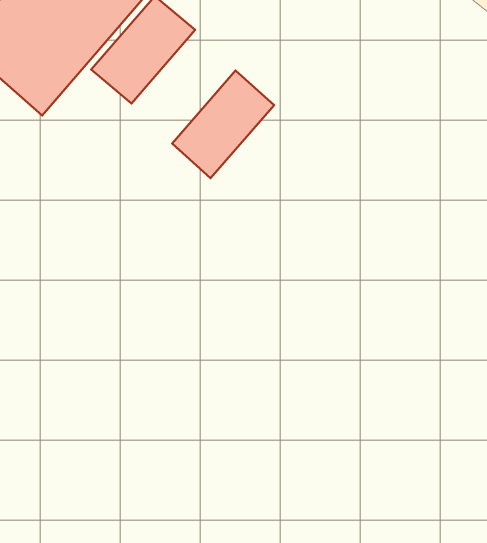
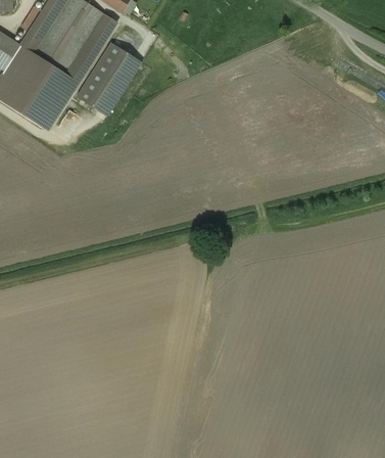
building: [172,71,274,178] -> none

